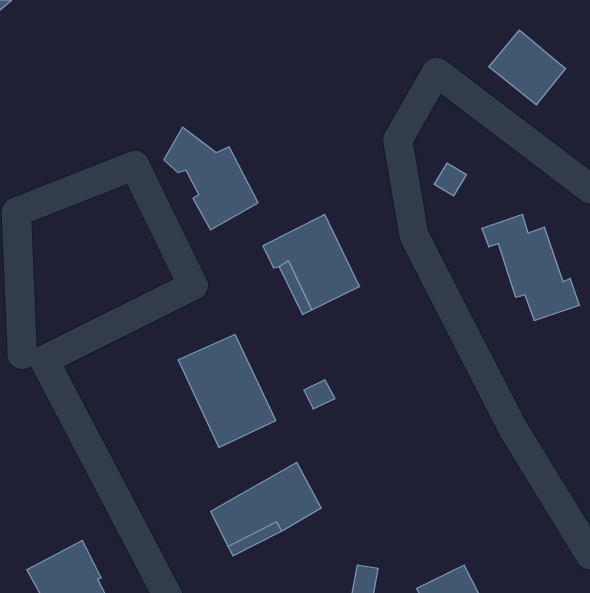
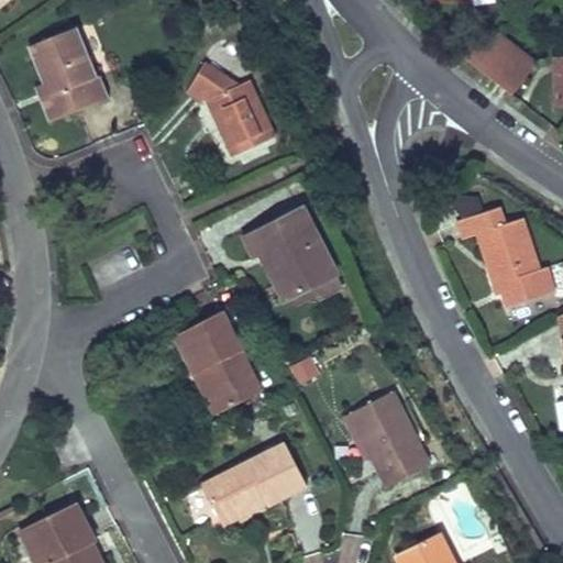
building: none -> [37,31,115,119]
building: [164,127,258,230] -> [198,55,287,152]
building: none -> [349,391,428,486]

